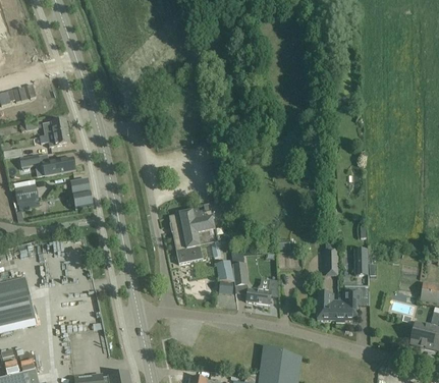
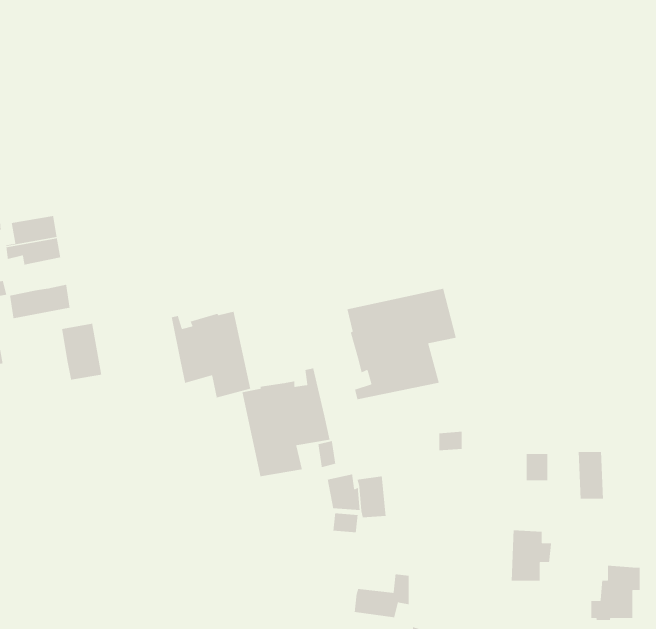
building: none -> [347,288,457,400]
building: none -> [171,311,251,399]
building: [246,279,277,304] -> [354,573,410,618]
building: [333,290,361,321] -> [590,565,641,621]

